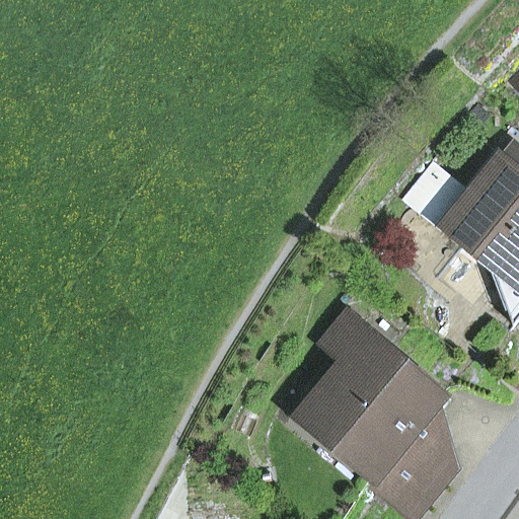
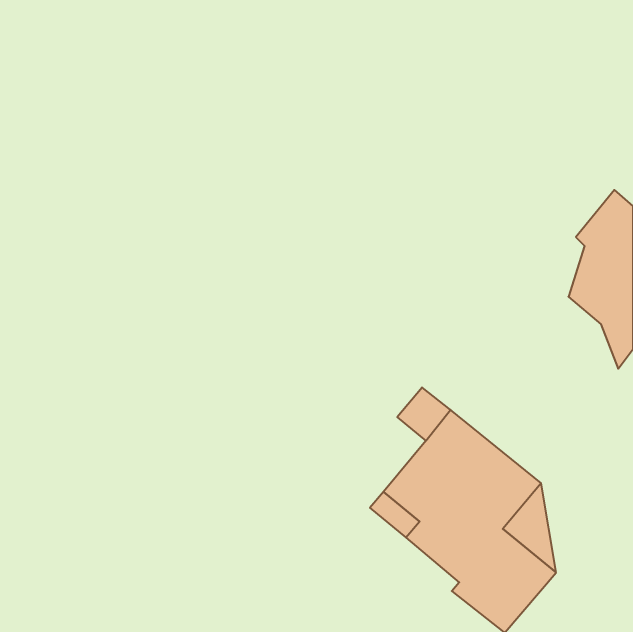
building: [402,161,477,242] -> none

